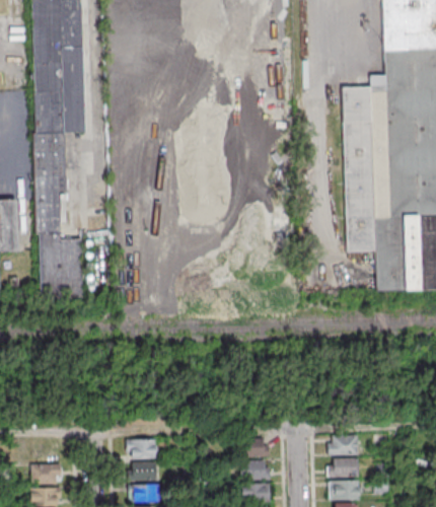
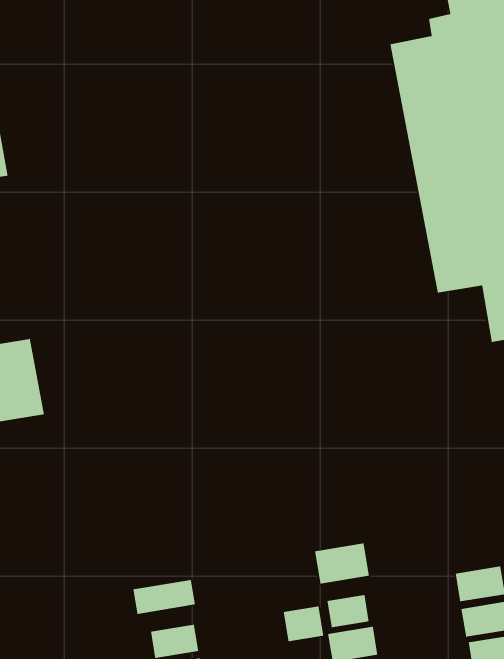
building: none -> [314,543,370,584]
building: none -> [132,579,196,615]
building: none -> [283,605,324,642]

